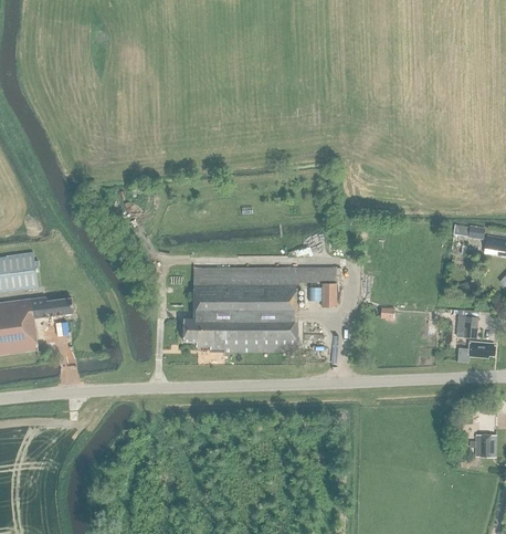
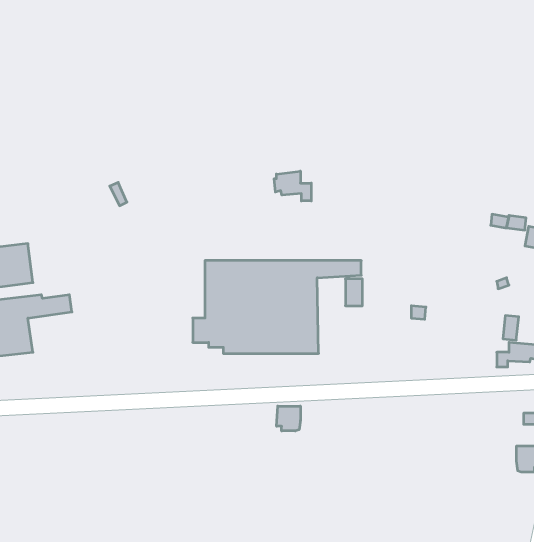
building: none -> [274,171,311,201]
building: none -> [277,406,300,431]

